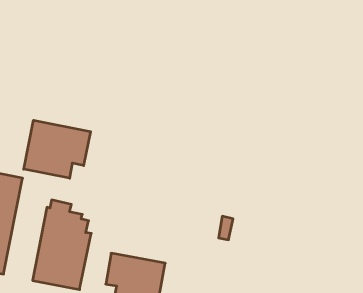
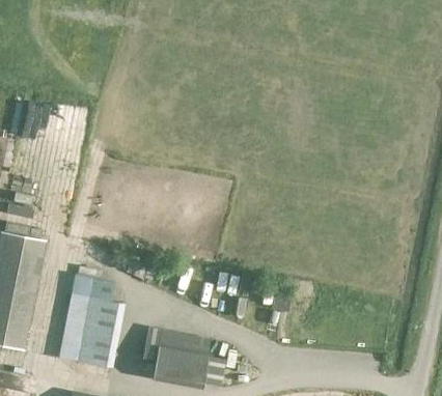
building: [24,120,91,178] -> none

